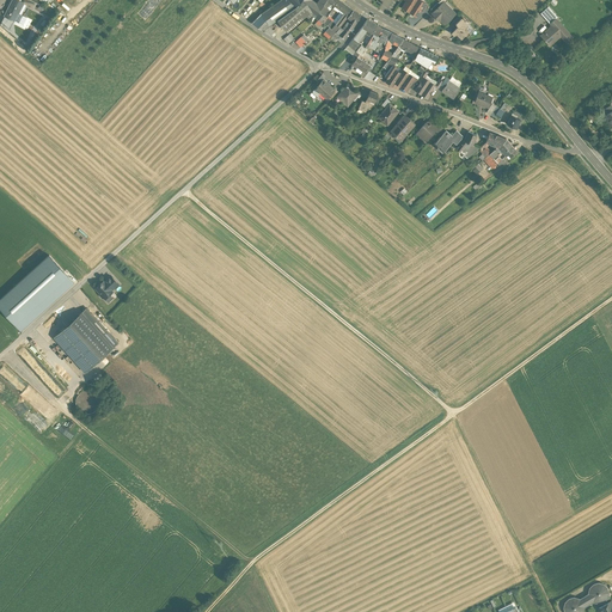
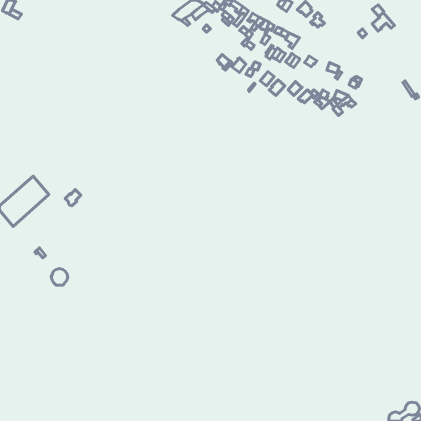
building: [53,308,116,372] -> none

